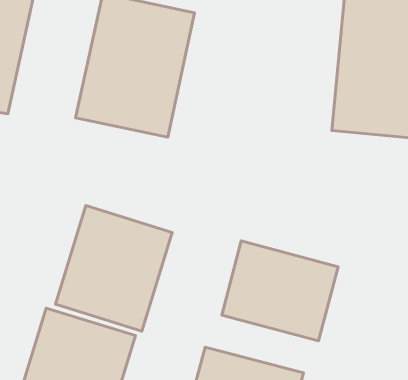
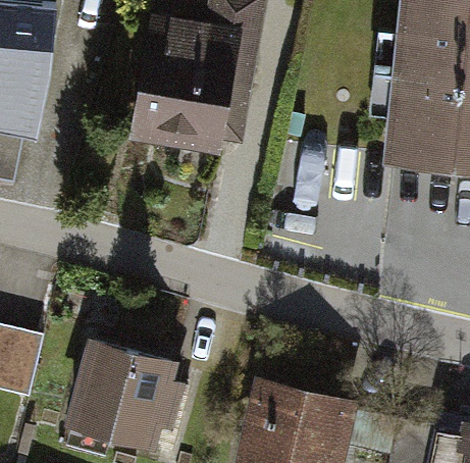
building: [55,206,172,331] -> none
building: [222,241,338,341] -> none

